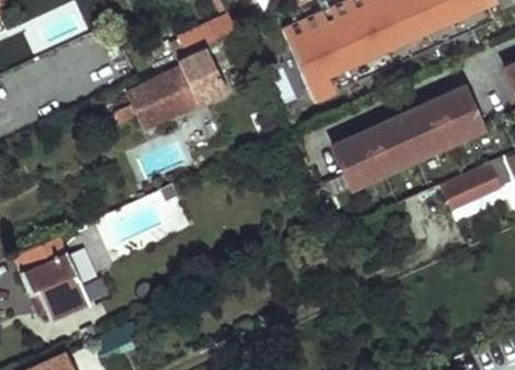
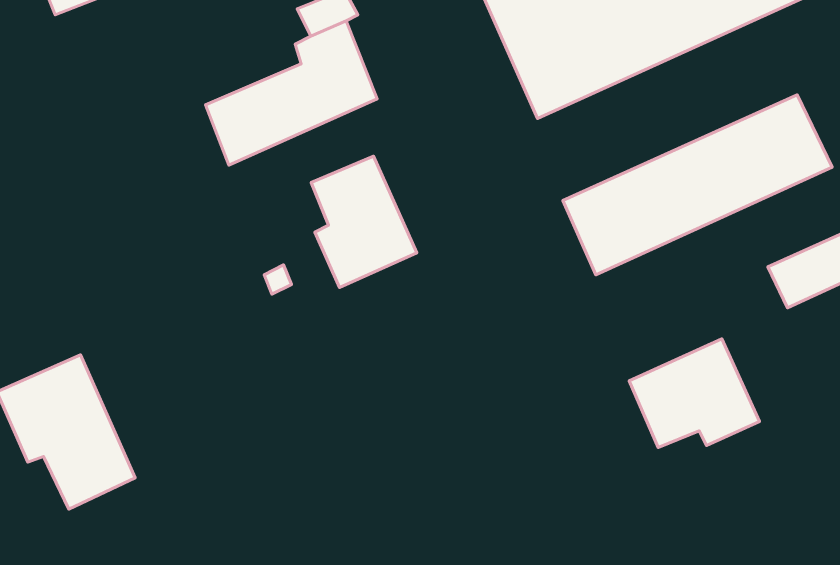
building: none -> [311,156,417,288]
building: none -> [629,339,759,447]

